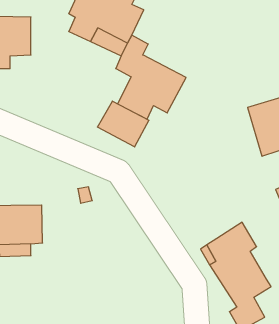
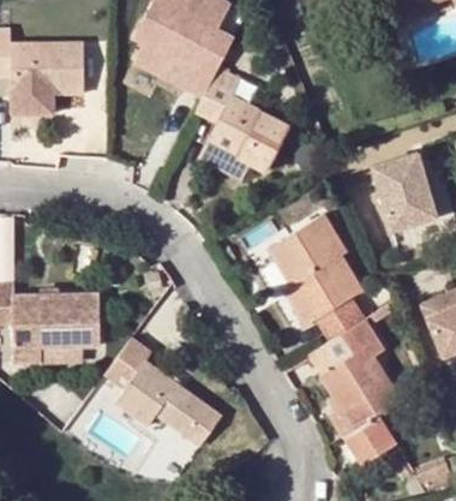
building: [97,101,149,147] -> none
building: none -> [271,216,365,340]
building: none -> [106,339,221,447]

